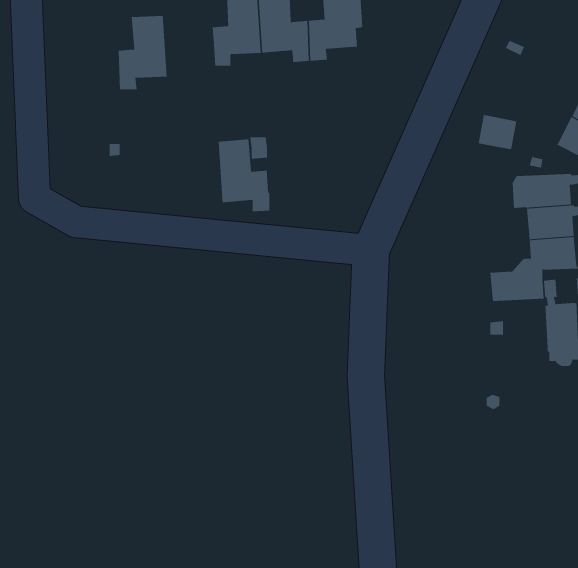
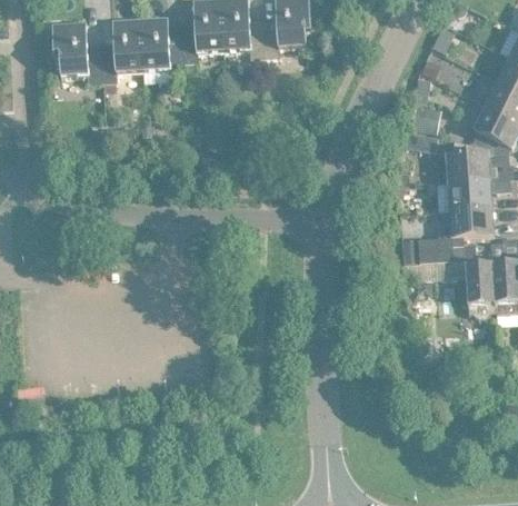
building: none -> [53,21,103,82]
building: [218,139,270,212] -> [141,16,186,78]

